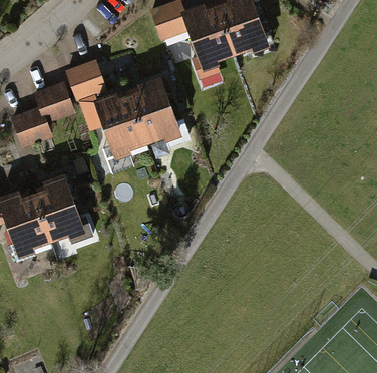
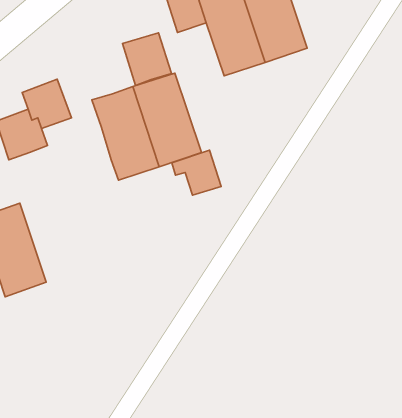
building: [66,59,107,103] -> [122,33,172,86]
building: none -> [172,150,221,195]
building: [30,173,87,251] -> none

